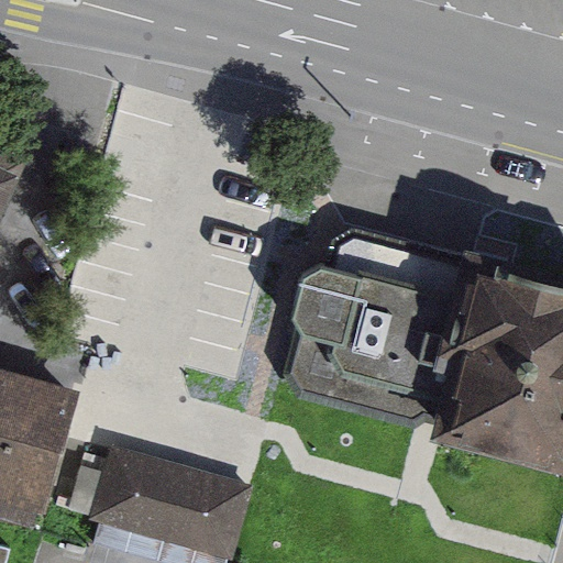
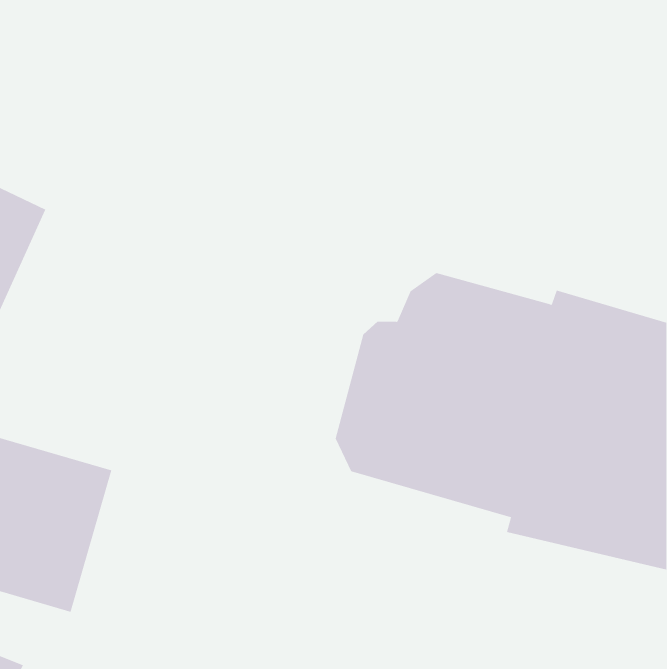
building: [101,450,244,556] -> none

